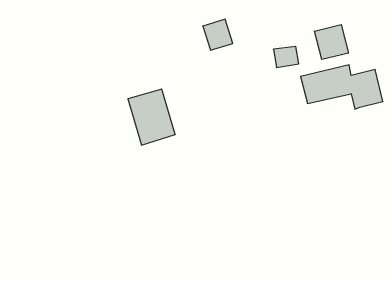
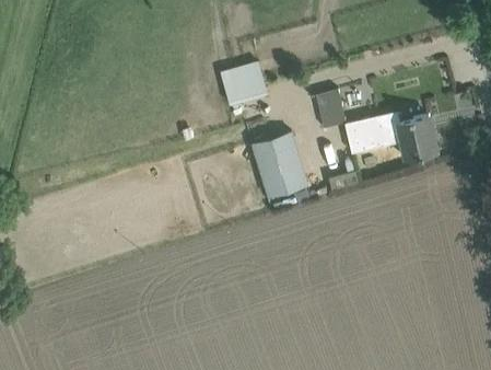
building: [315,25,349,59] -> none
building: [128,89,175,145] -> [253,134,306,197]

